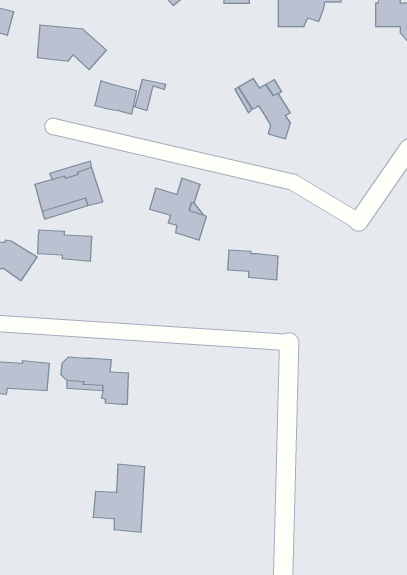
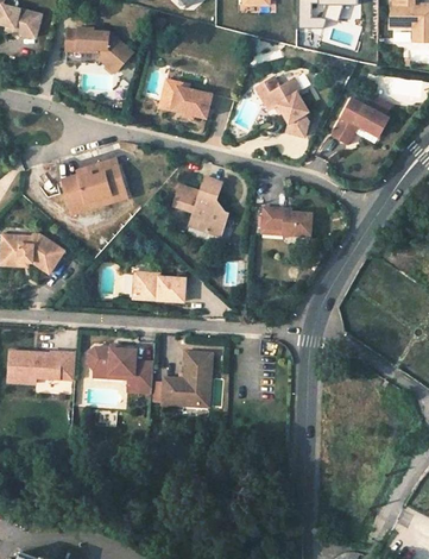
building: [95,81,137,114] -> [170,86,210,118]
building: none -> [333,101,390,146]
building: [37,230,92,261] -> [133,271,185,301]
building: [228,250,278,280] -> [263,206,311,234]
building: [93,464,145,532] -> [162,352,212,417]

